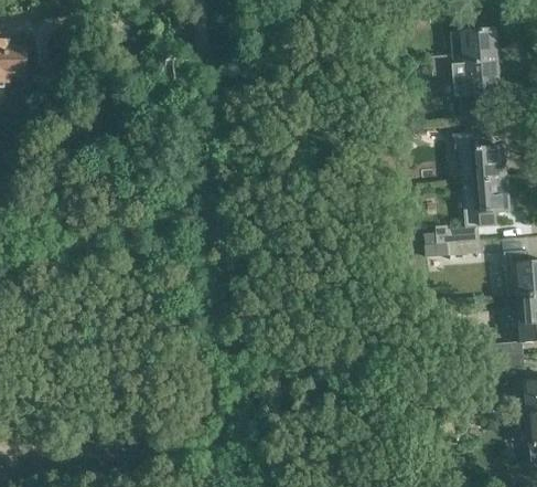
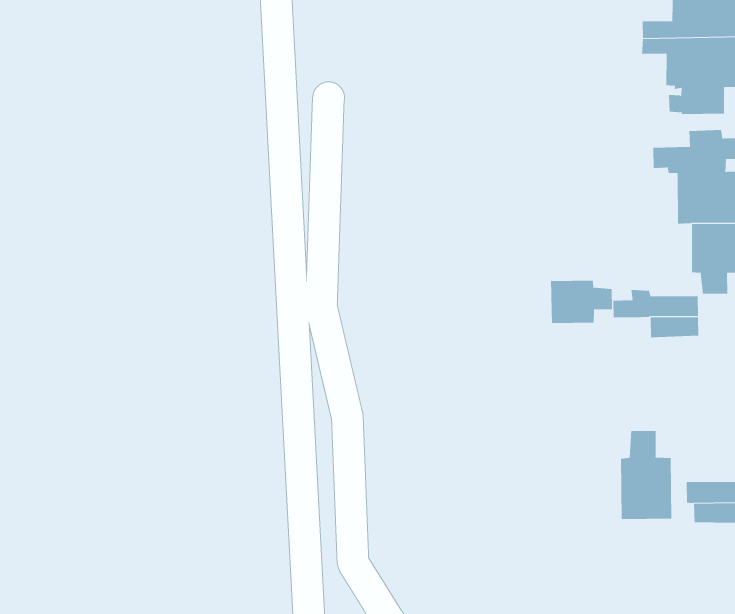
building: none -> [551,280,613,324]
building: none -> [621,430,672,520]

